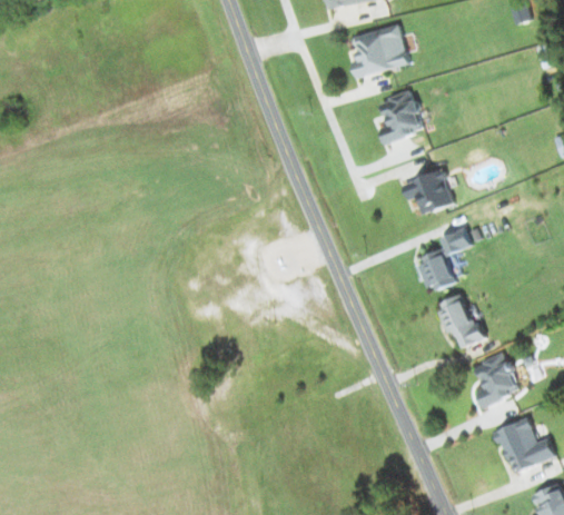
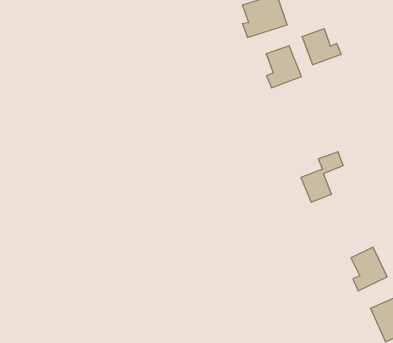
building: none -> [302,29,341,65]
building: [403,170,454,215] -> none
building: [437,294,483,348] -> none

